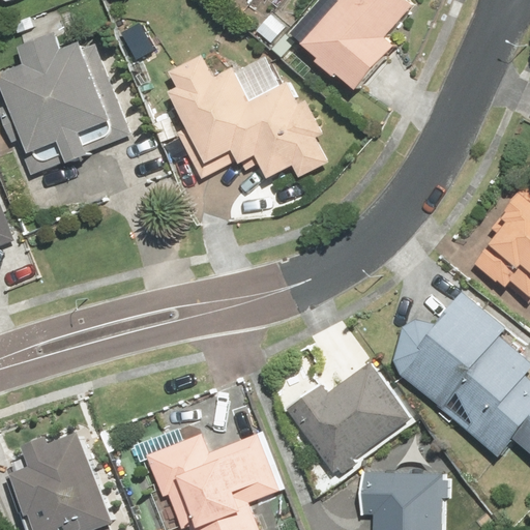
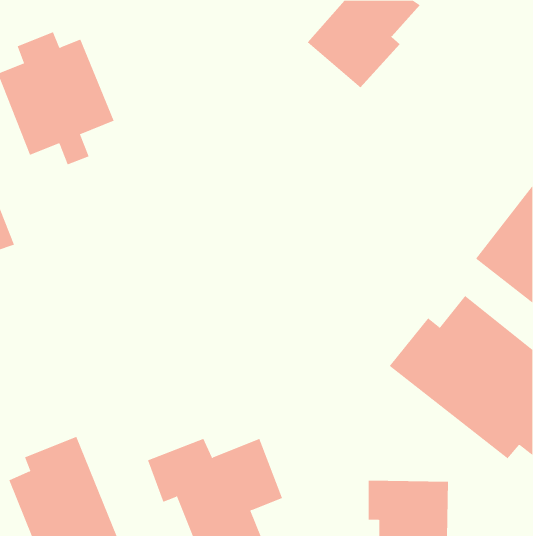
building: [168,56,329,179] -> none
building: [286,361,413,477] -> none

